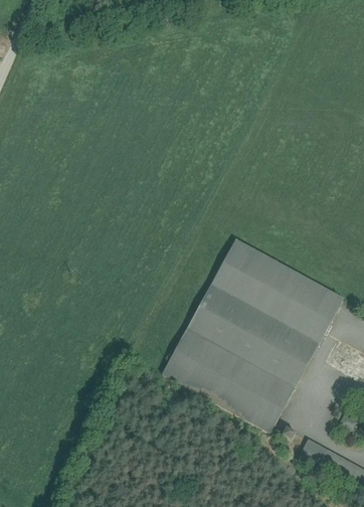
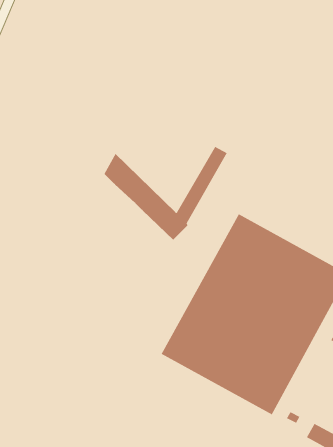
building: none -> [104,146,228,241]

